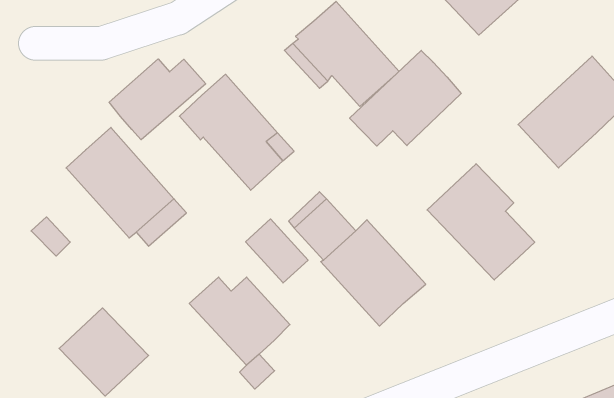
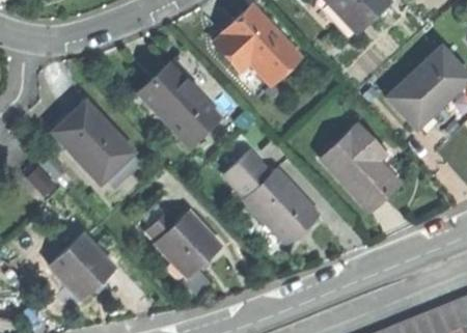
building: [350,50,461,146] -> none
building: [109,59,206,140] -> none
building: [246,219,308,283] -> none

